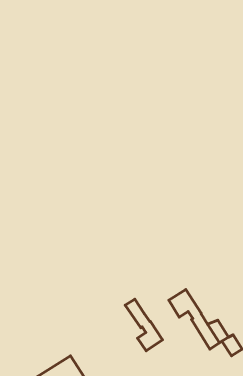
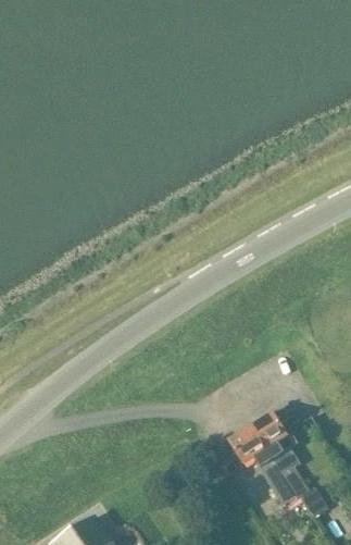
building: none -> [252,413,289,459]
building: [125,299,163,351] -> none

